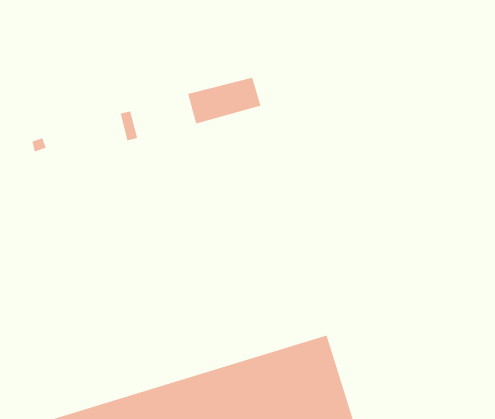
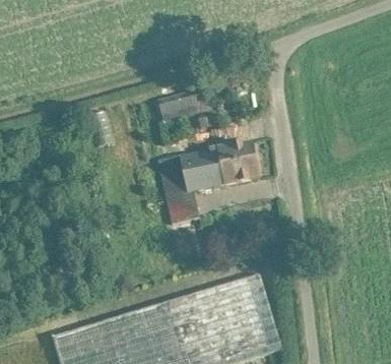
building: none -> [157,140,259,222]

